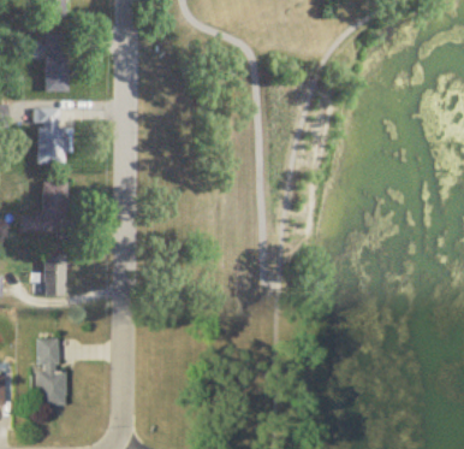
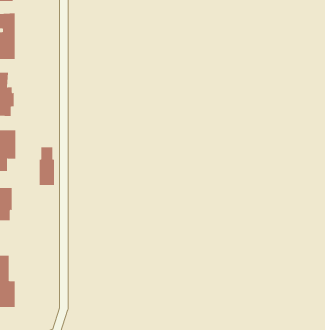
building: none -> [39,147,54,186]

